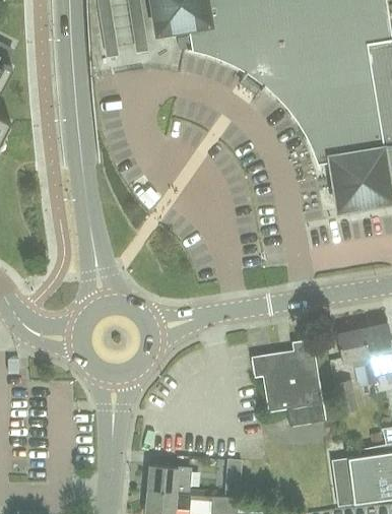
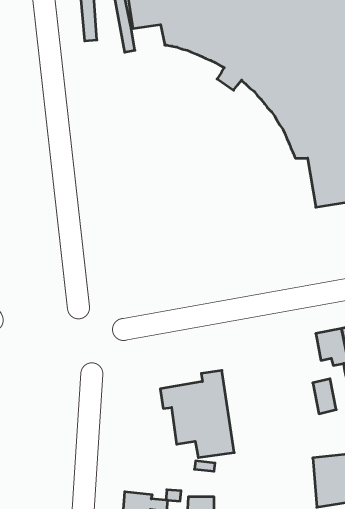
building: [252,338,325,425] -> [160,370,234,458]
building: [148,465,192,500] -> none

